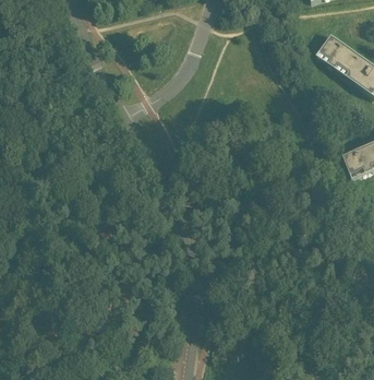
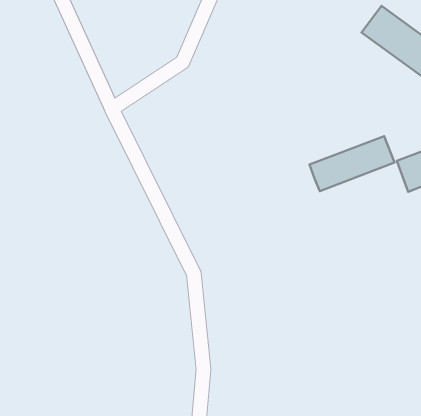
building: none -> [309,136,394,191]

